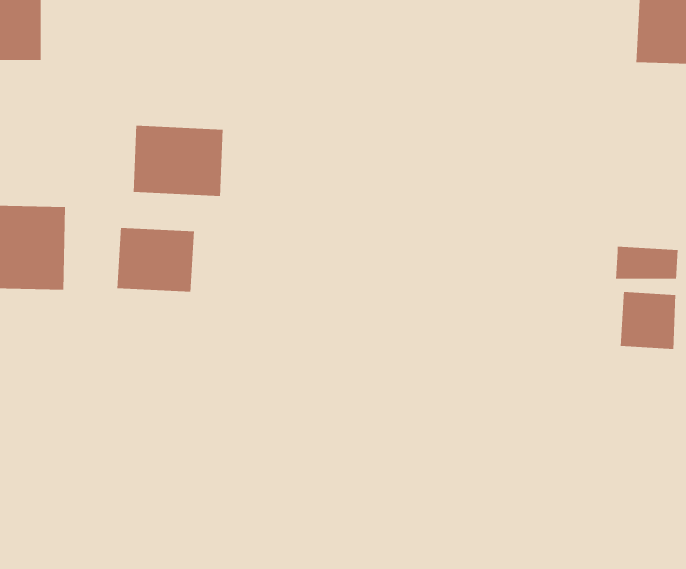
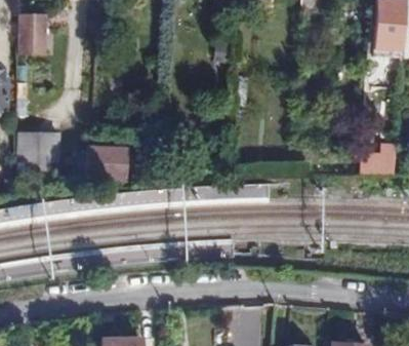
building: [133,125,223,197] -> none
building: [620,291,676,350] -> none

